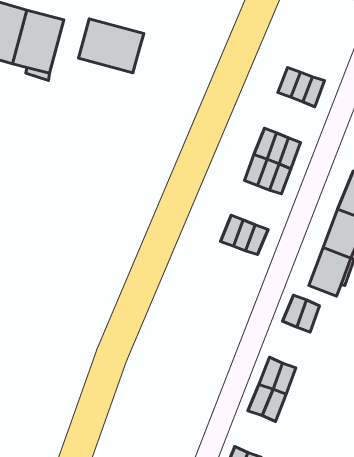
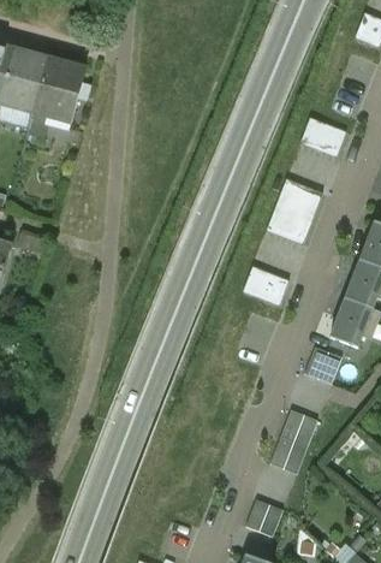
building: [78,19,144,73] -> none

